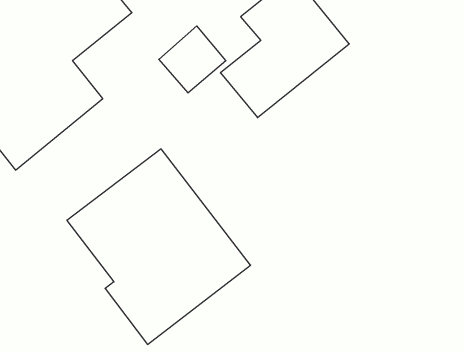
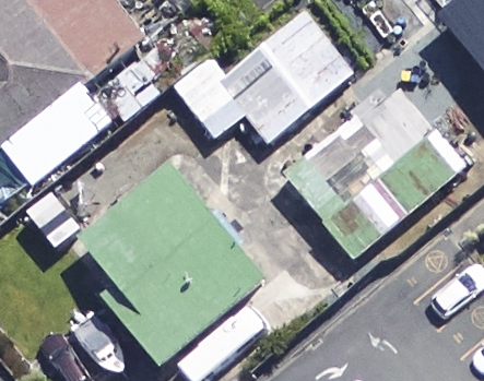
building: none -> [284,82,437,226]

